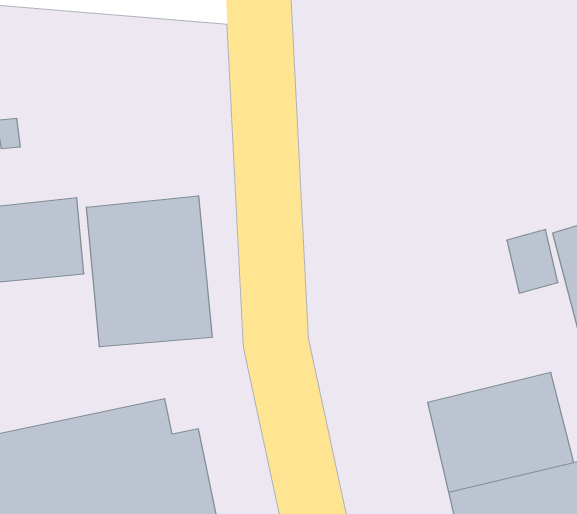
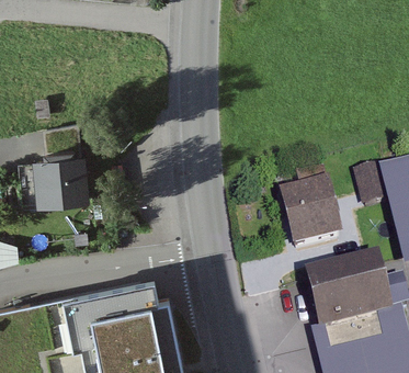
building: [87,196,212,347] -> none
building: none -> [280,181,343,251]

